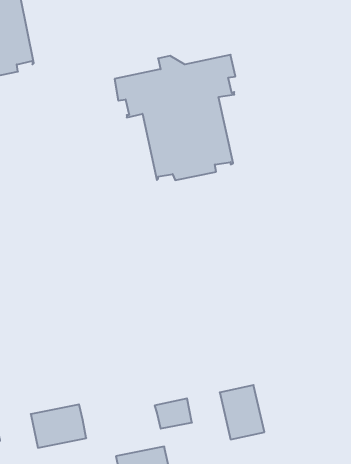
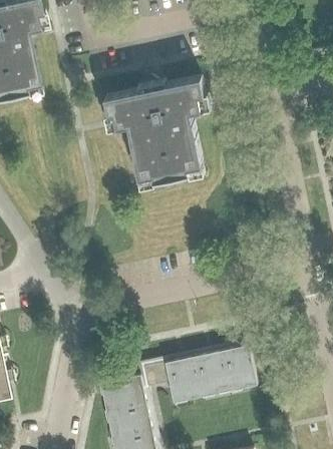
building: none -> [221,345,258,390]
building: none -> [165,357,202,402]
building: [31,404,86,448] -> [100,374,146,410]

